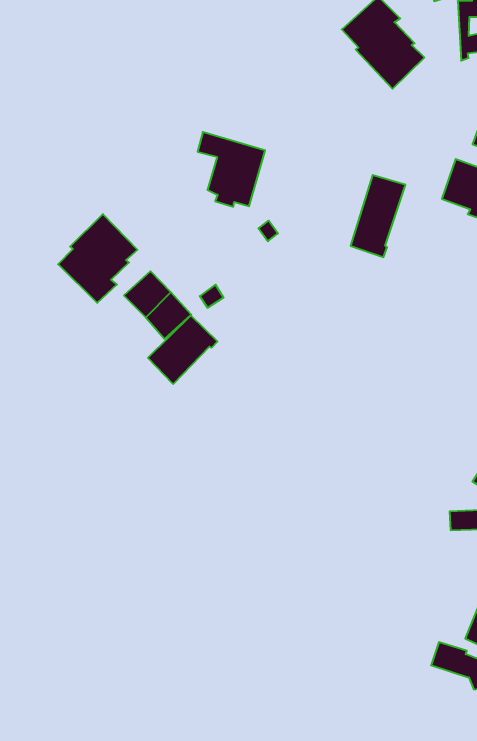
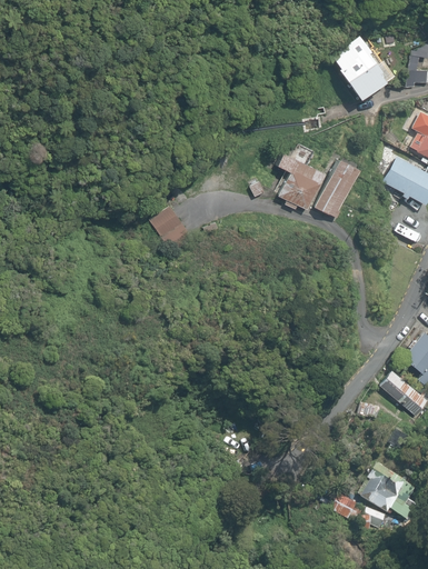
building: [198,132,265,207] -> [277,153,325,210]
building: [58,214,137,303] -> none
building: [148,316,217,384] -> none

